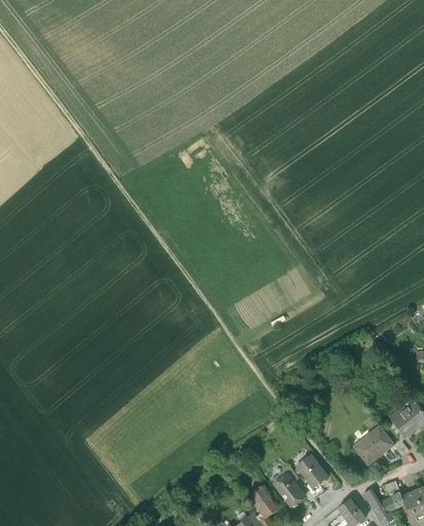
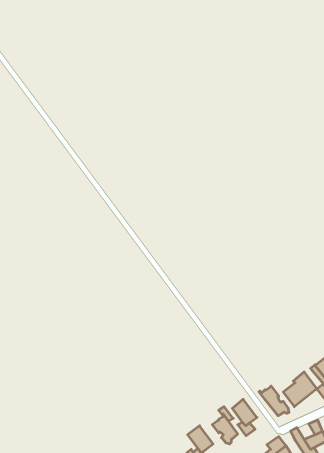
building: none -> [259,386,289,416]

